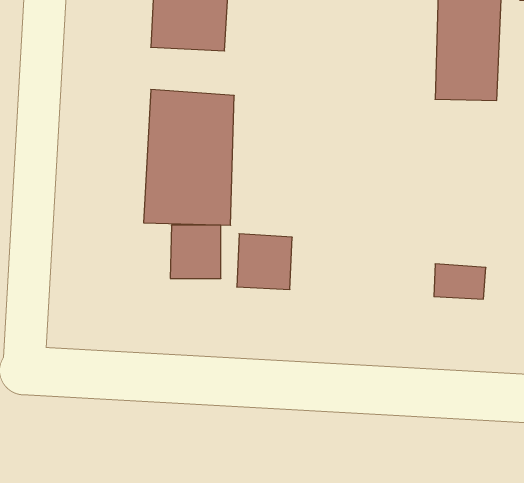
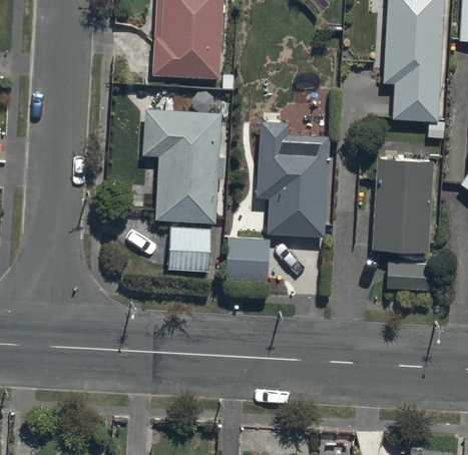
building: none -> [254,117,329,233]
building: none -> [374,157,434,252]

